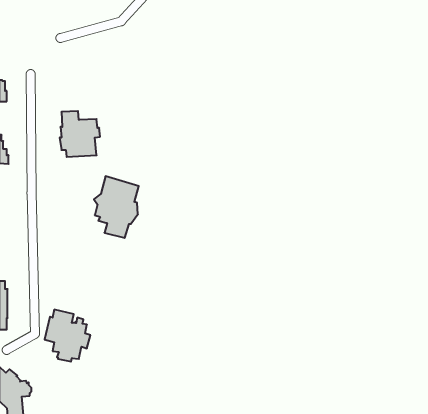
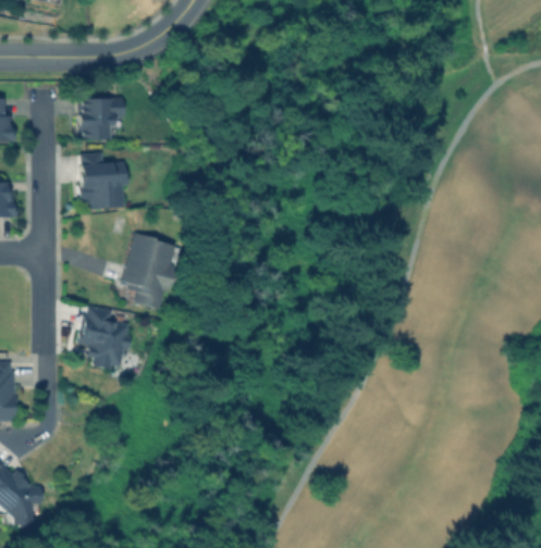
building: none -> [76,99,124,139]
building: [45,310,90,362] -> [76,307,133,371]

